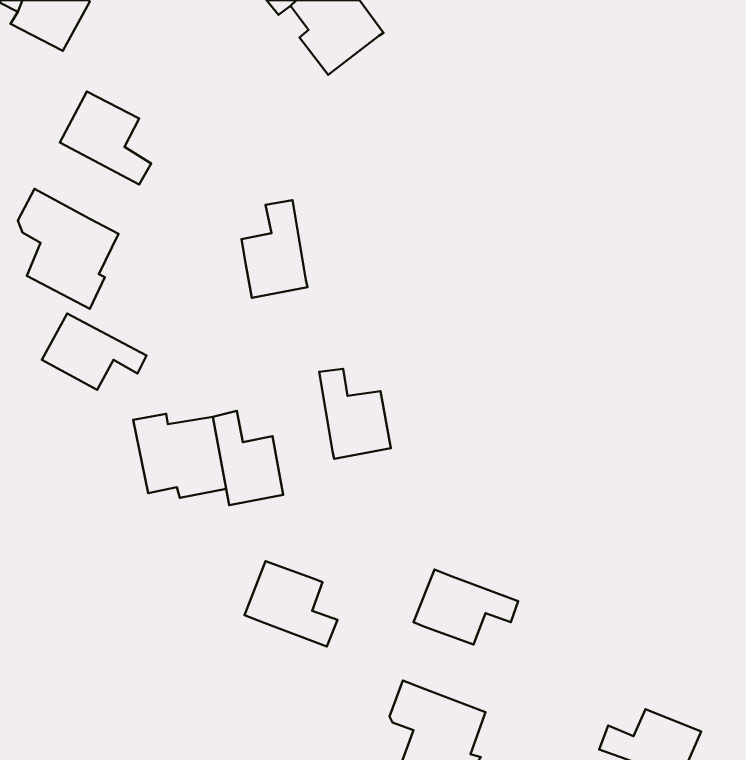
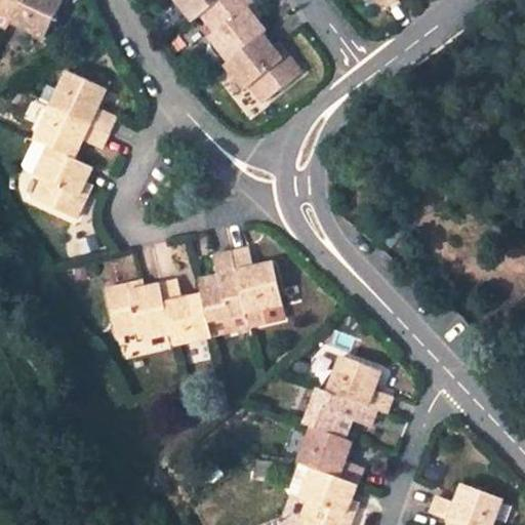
building: none -> [233,29,312,97]
building: [242,200,307,298] -> [197,258,242,325]
building: [42,313,147,390] -> [37,102,109,154]
building: none -> [321,360,386,420]
building: [245,561,337,647] -> [289,433,353,491]

